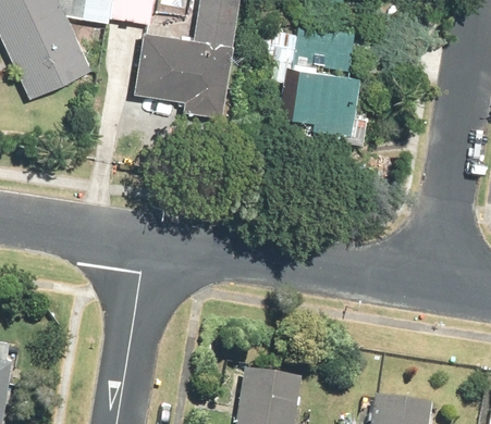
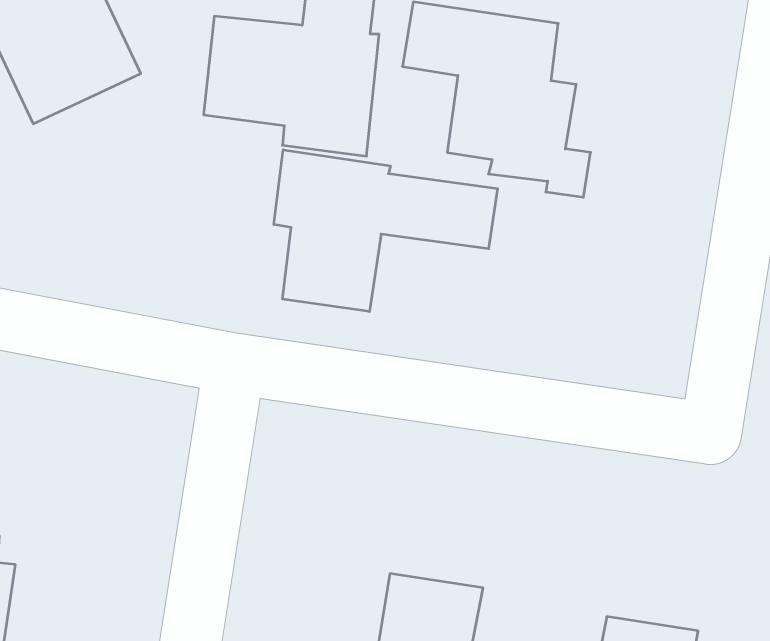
building: none -> [274,150,498,312]

